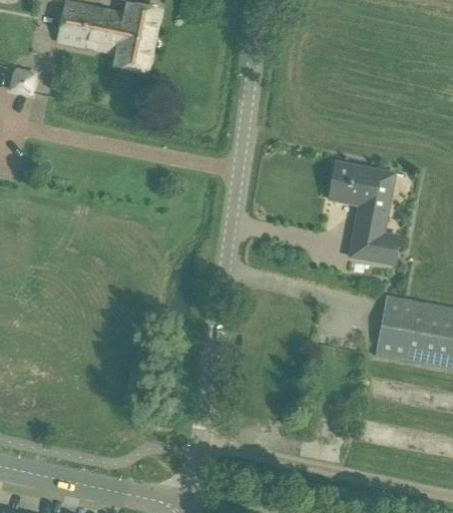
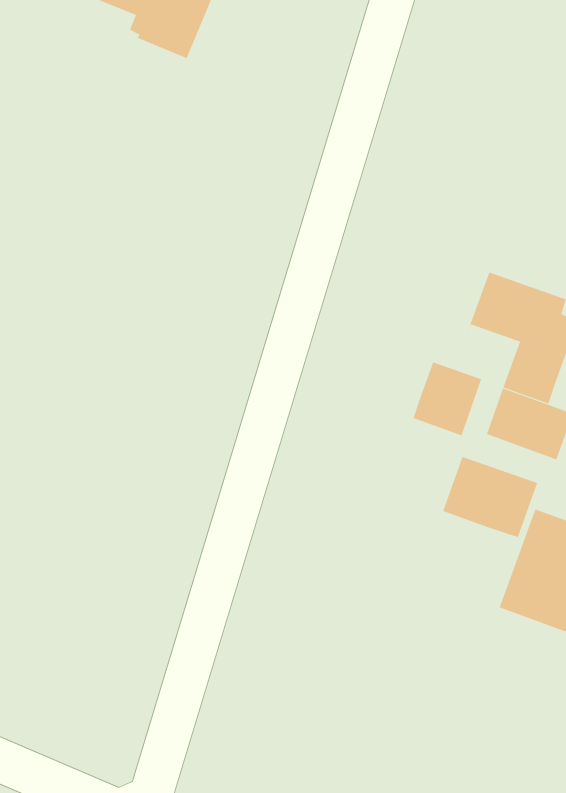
building: none -> [413,361,482,436]
building: none -> [442,456,538,538]

